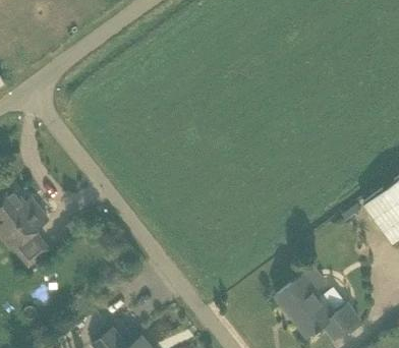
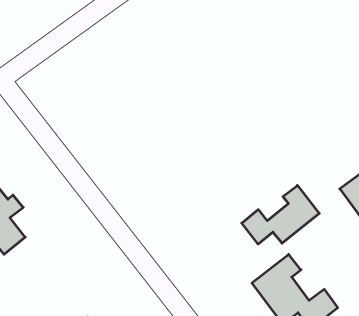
building: none -> [242,185,319,244]

